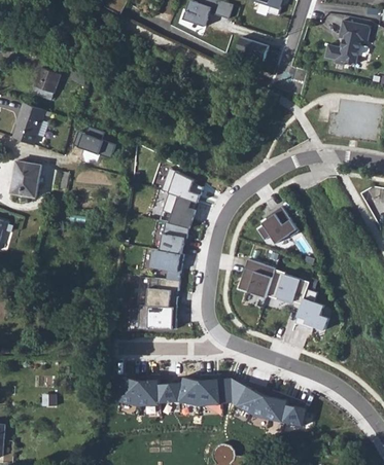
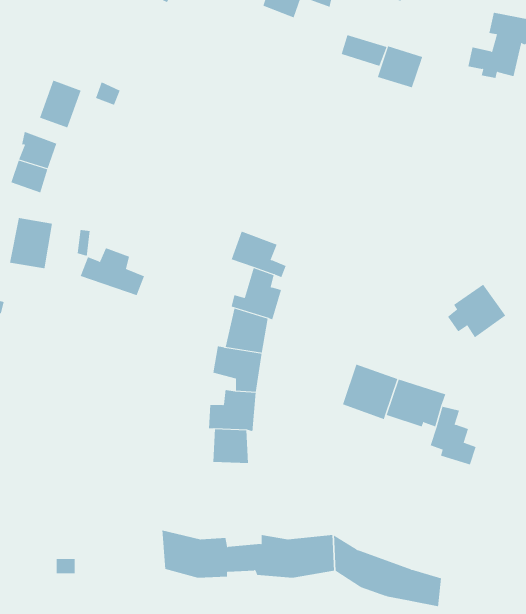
building: none -> [377,46,423,88]
building: [71,126,115,158] -> [80,248,145,296]
building: [256,208,296,245] -> [447,284,506,338]

